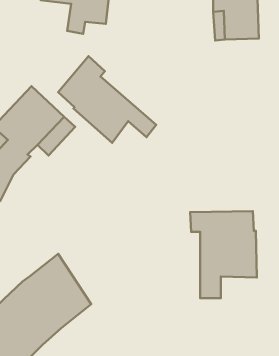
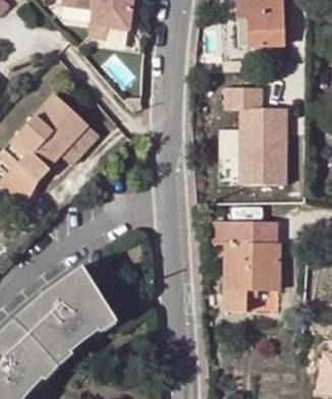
building: [58,56,156,143] -> none
building: none -> [231,88,292,185]

